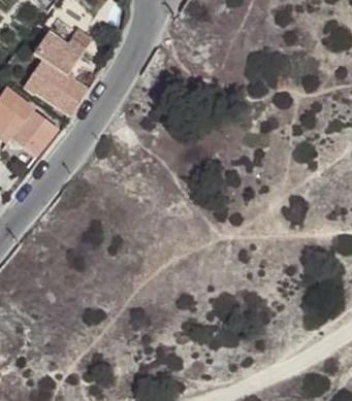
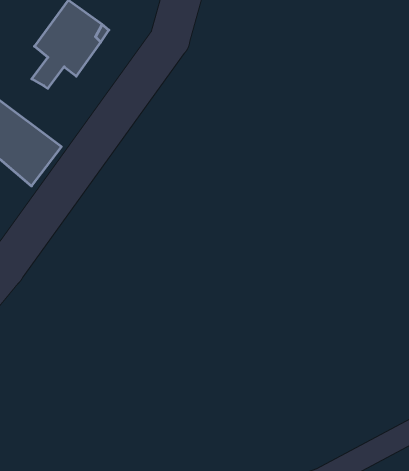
building: [27,66,90,114] -> none

